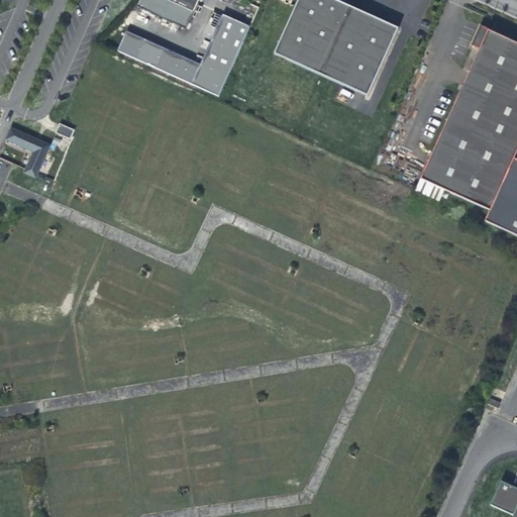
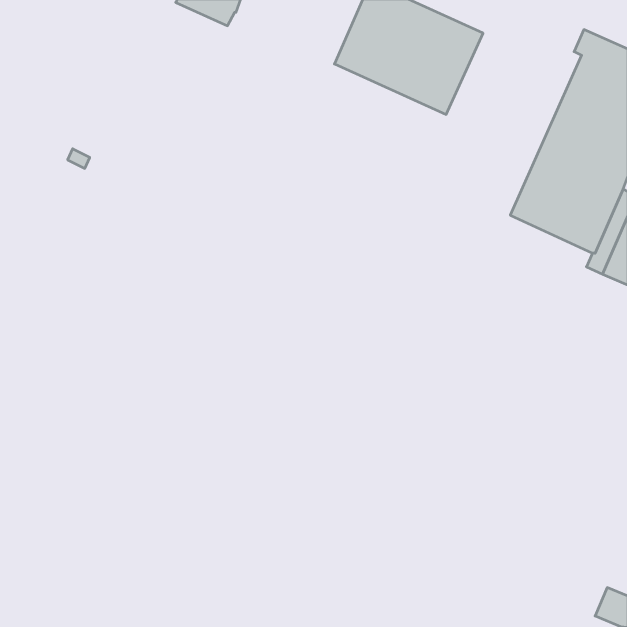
building: [117,12,249,94] -> none
building: [6,126,50,177] -> none

